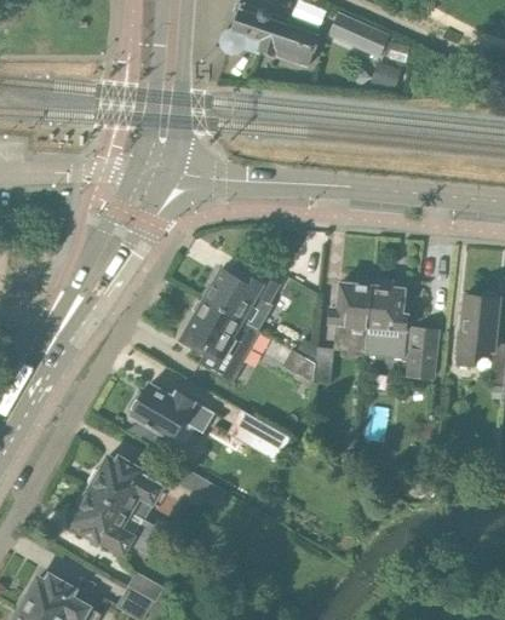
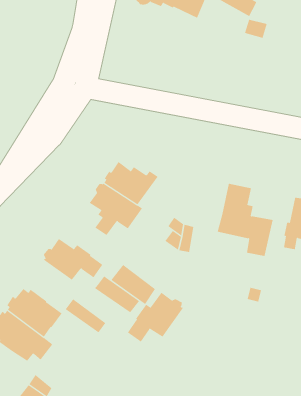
building: [328,282,373,328] -> none
building: none -> [94,276,140,313]
building: none -> [127,292,184,343]

